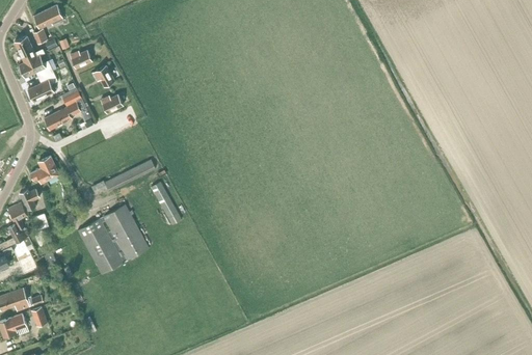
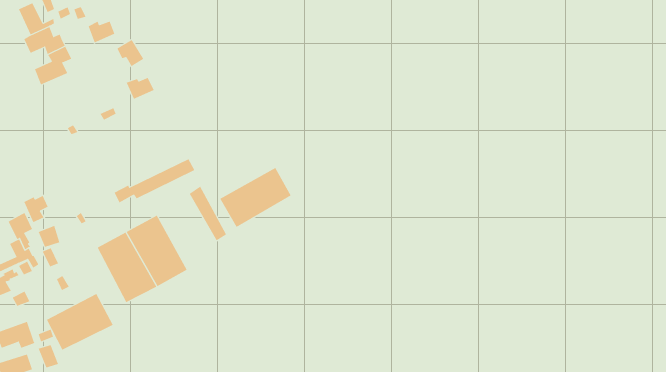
building: [45,89,86,129] -> none
building: [30,155,59,183] -> none
building: none -> [219,167,292,228]
building: none -> [46,293,113,351]

